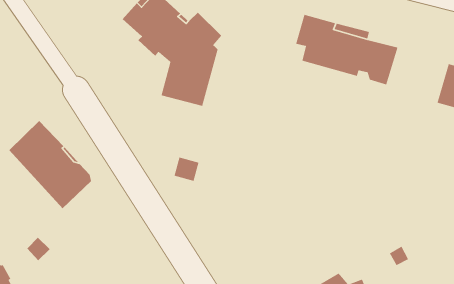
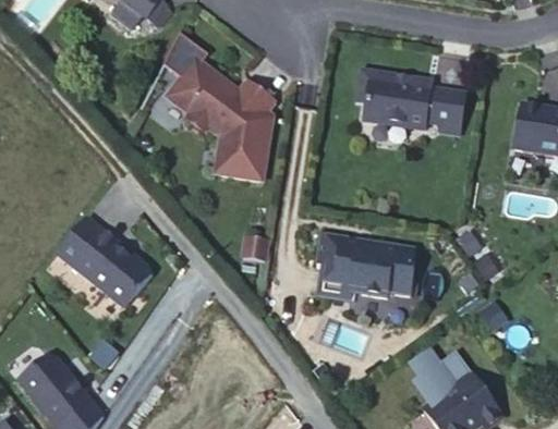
building: none -> [313,224,418,296]

